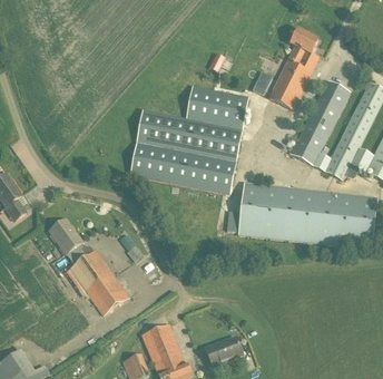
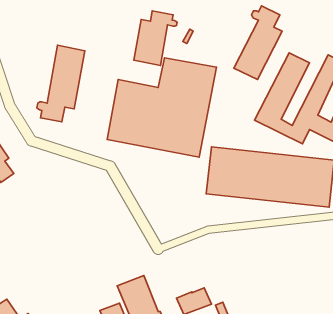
building: none -> [134,11,177,65]
building: none -> [37,45,85,122]
building: [49,218,129,315] -> none

